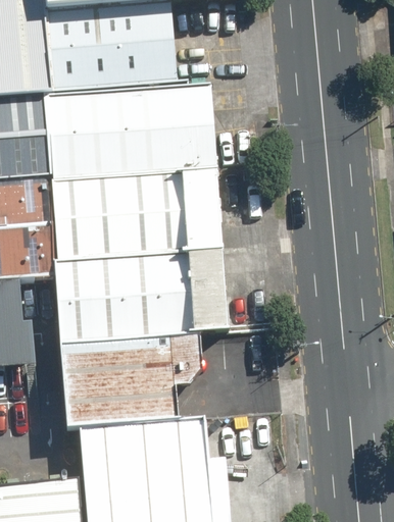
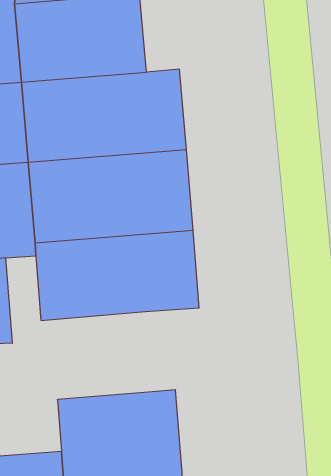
building: [60,335,177,428] -> none

